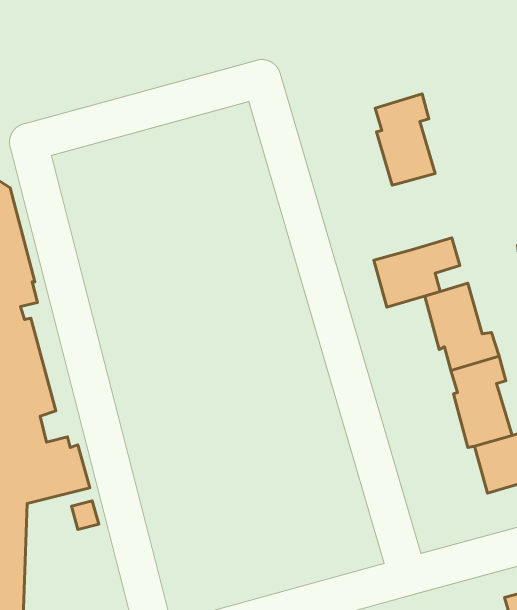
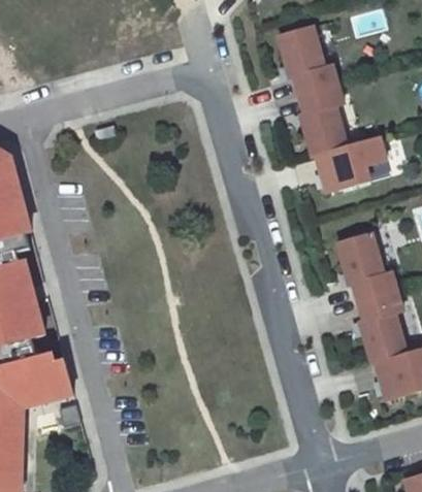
building: none -> [278,25,336,94]
building: [374,238,460,307] -> [317,136,385,191]

